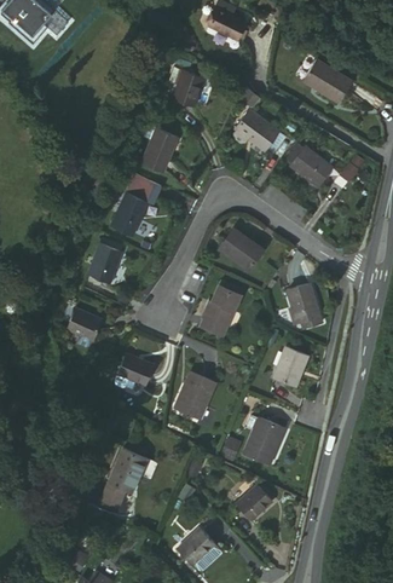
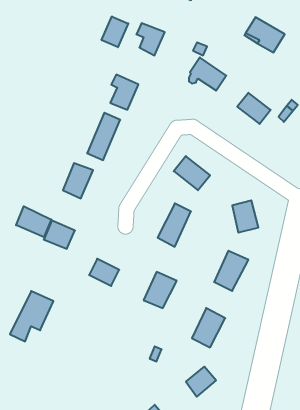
building: none -> [102,16,128,47]
building: none -> [16,206,51,237]
building: [96,443,148,503] -> [10,291,53,341]

